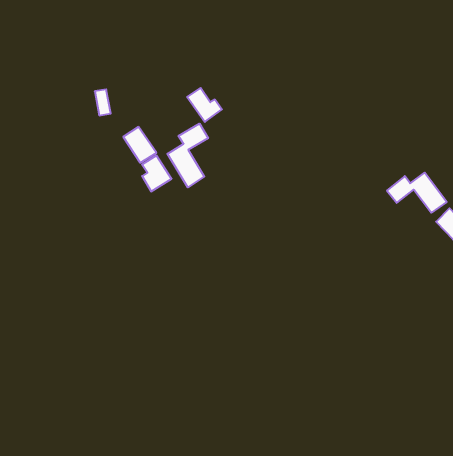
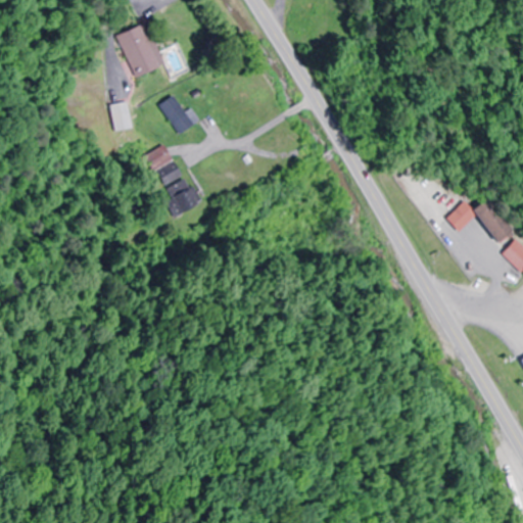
building: none -> [116,25,154,75]
building: [187,88,222,122] -> [159,95,199,134]
building: [167,124,208,187] -> none

